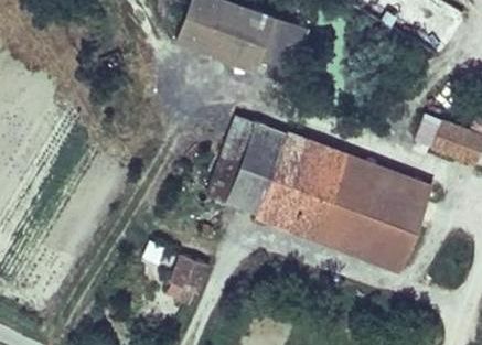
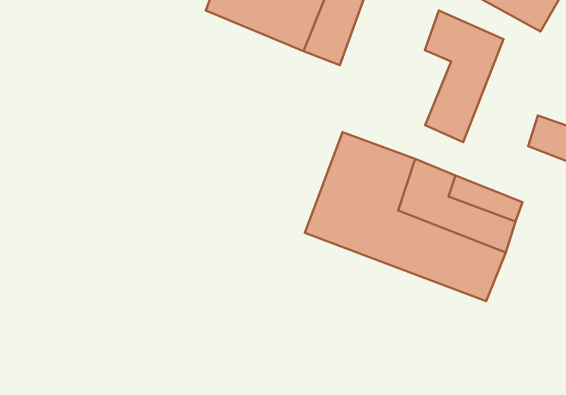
building: none -> [425,11,503,142]
building: [207,112,288,211] -> none
building: [174,254,207,303] -> none

